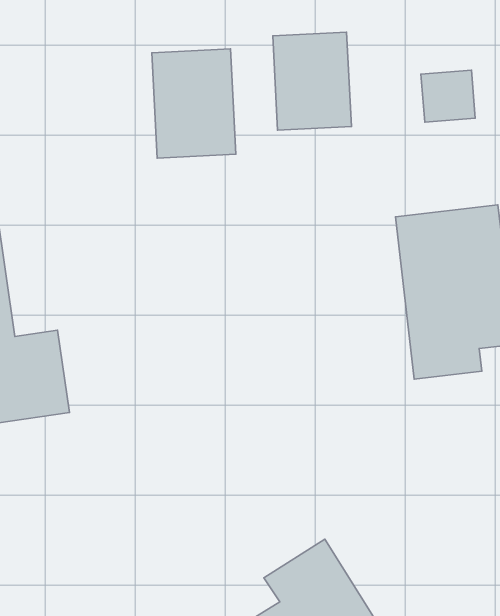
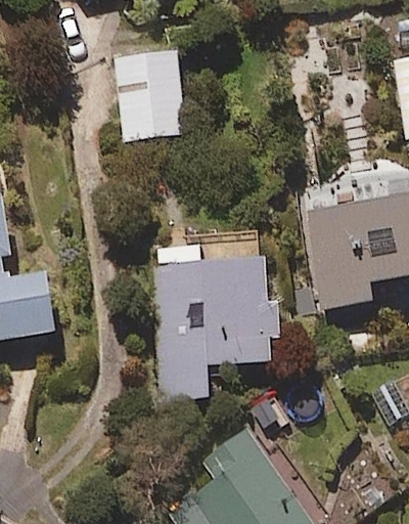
building: [273,32,351,130] -> none
building: none -> [154,247,269,396]

